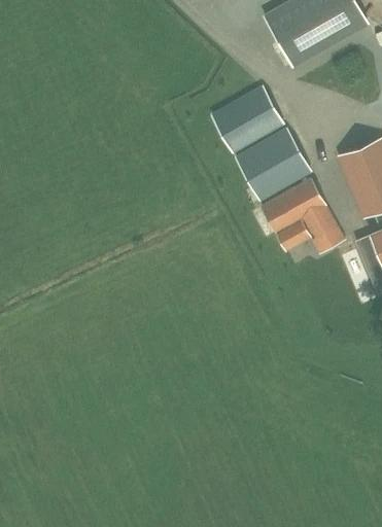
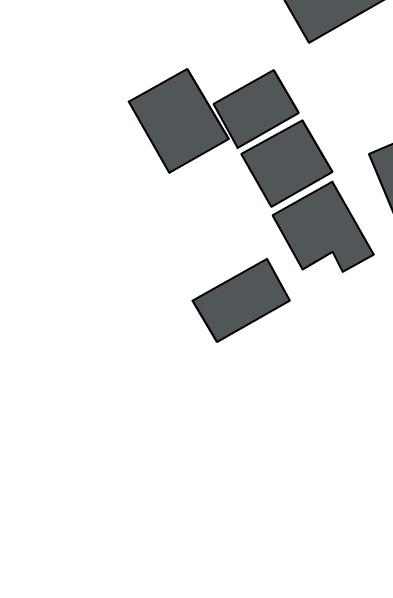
building: none -> [129,69,229,173]
building: none -> [192,259,290,342]

